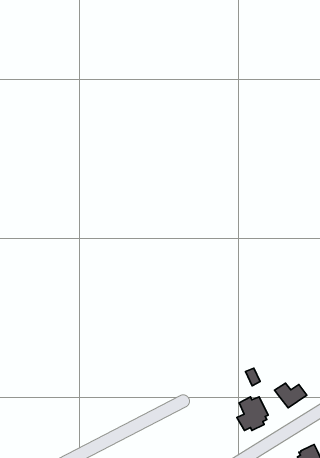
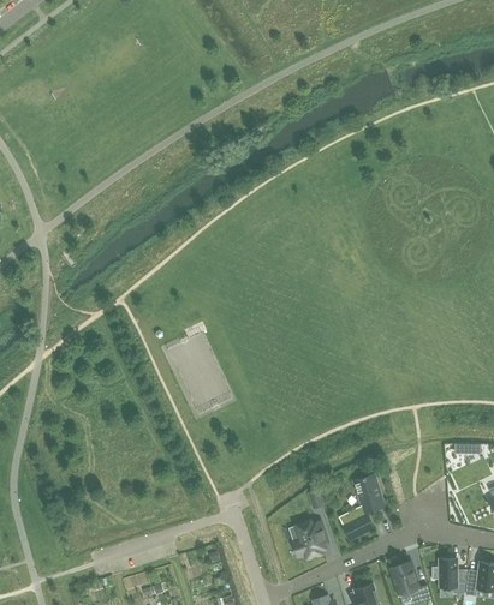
building: none -> [355,474,383,511]

